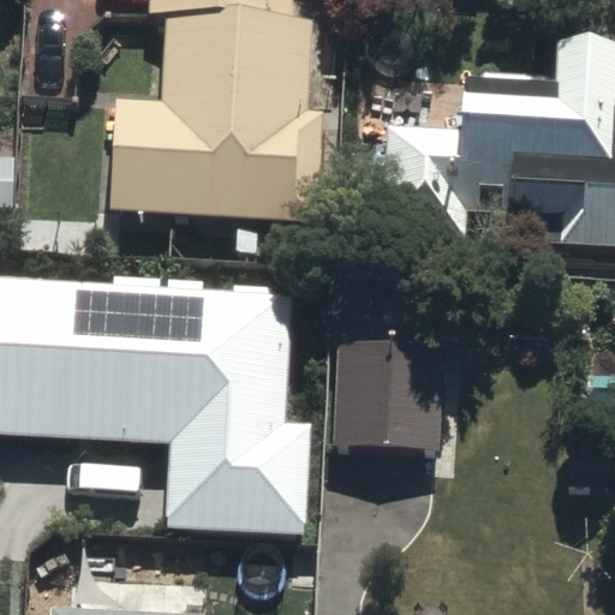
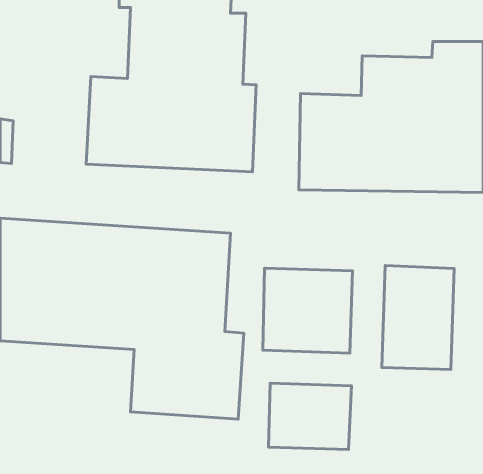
building: none -> [382,265,454,369]
building: none -> [268,383,351,450]

